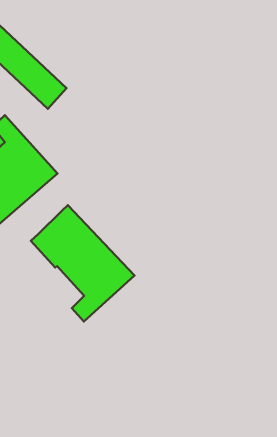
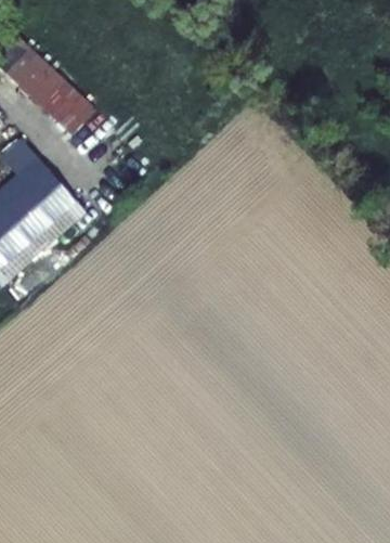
building: [31,205,134,322] -> none

